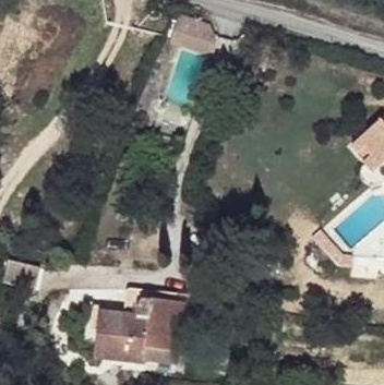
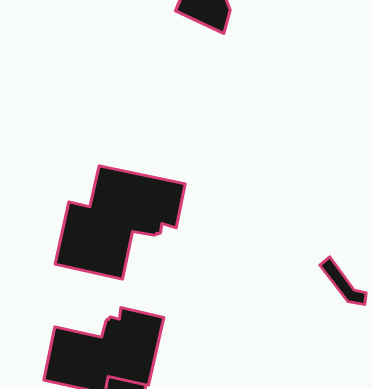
building: none -> [55,166,185,279]

